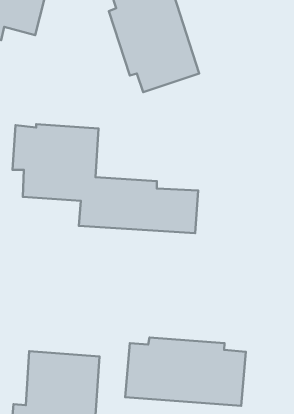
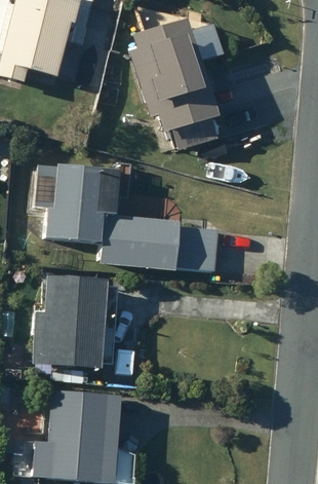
building: none -> [33,271,107,374]
building: [125,337,246,406] -> none

